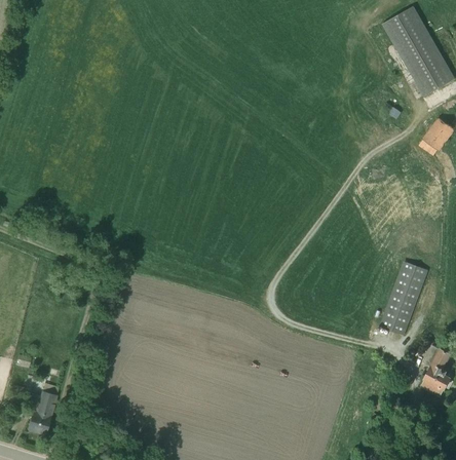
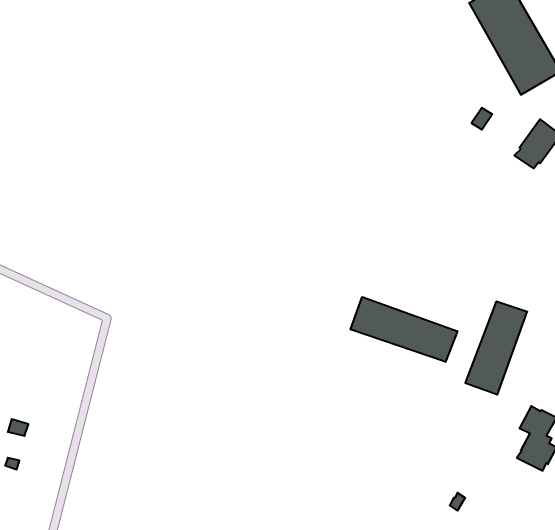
building: none -> [351,297,457,362]
building: [26,383,59,435] -> none

